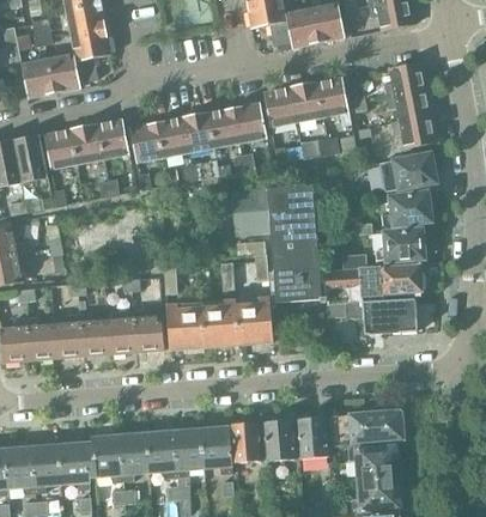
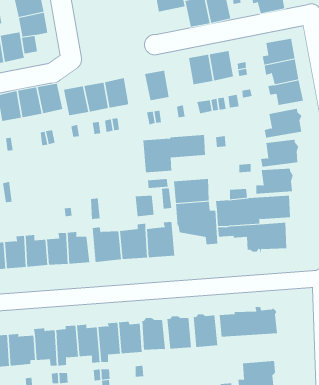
building: [263,87,296,127] -> none
building: [208,108,241,147] -> none
building: [268,212,316,245] -> none
building: [350,445,401,479] -> none

